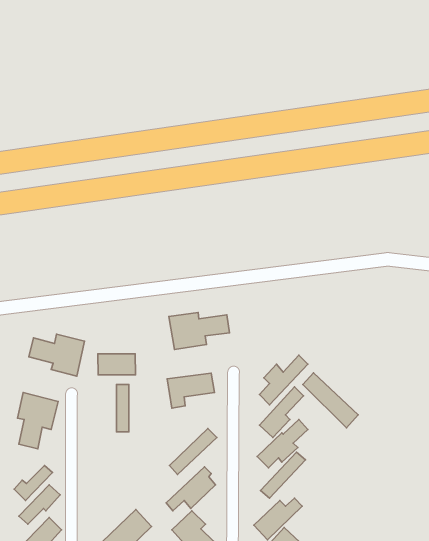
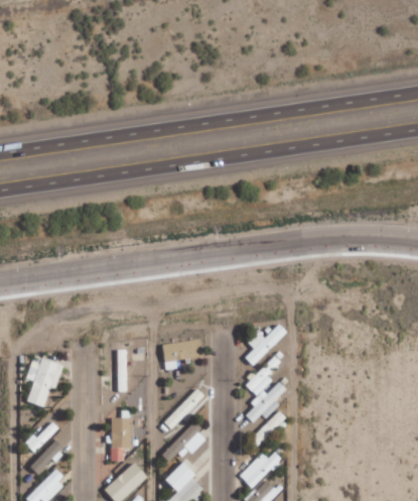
building: [169,312,230,349] -> none
building: [29,334,85,376] -> none
building: [98,354,136,375] -> none
building: [303,373,358,428] -> none
building: none -> [111,418,132,462]

